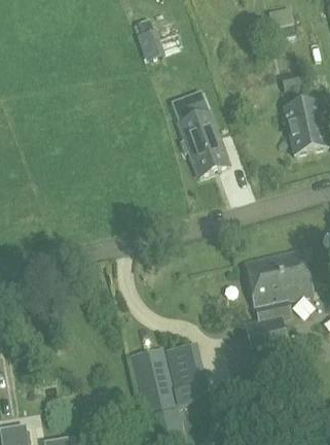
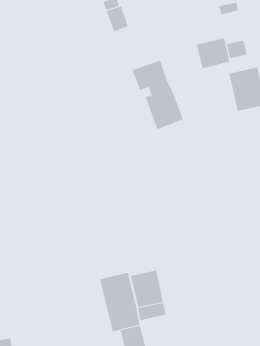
building: none -> [196,38,230,69]
building: [245,248,313,361] -> none

